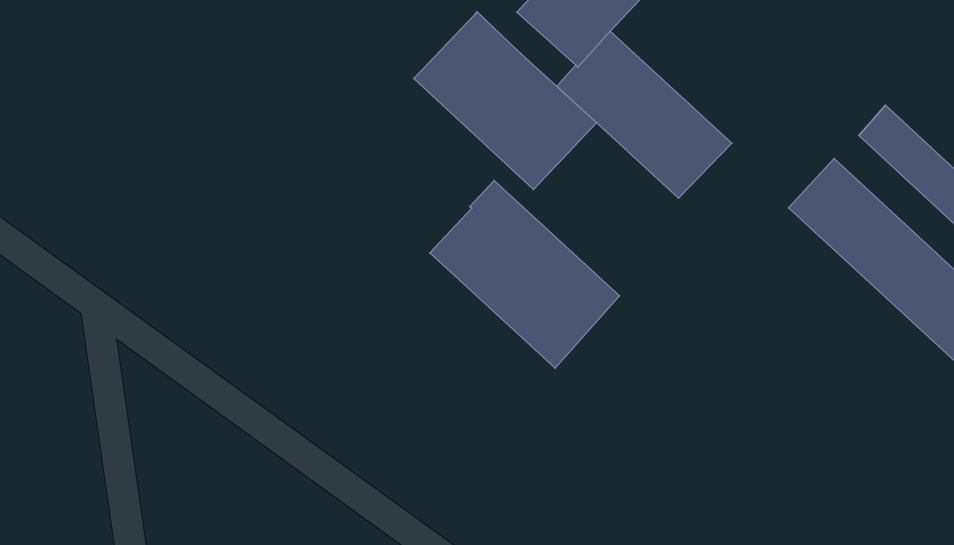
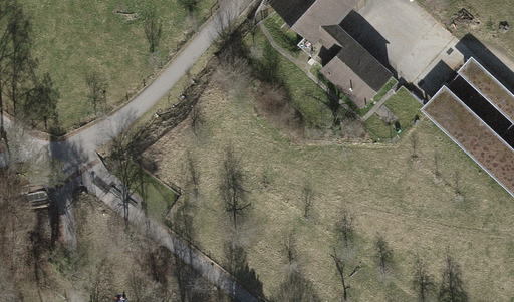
building: [414,12,597,189] -> none
building: [430,180,619,368] -> none

